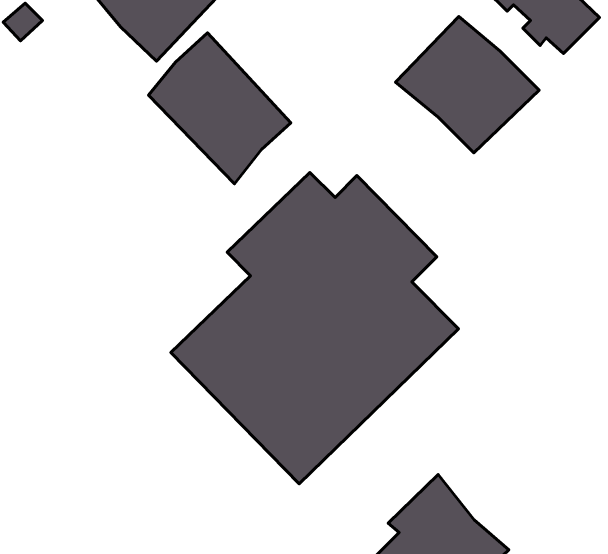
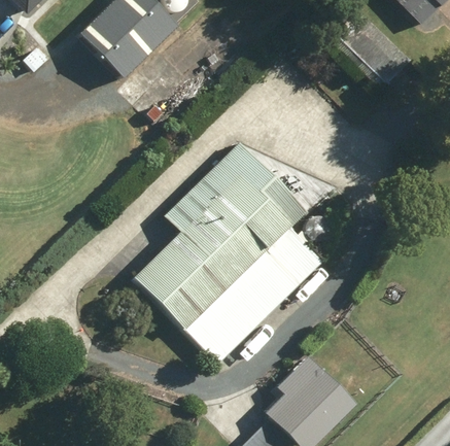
building: [395,16,539,153] -> none
building: [148,33,291,184] -> none

